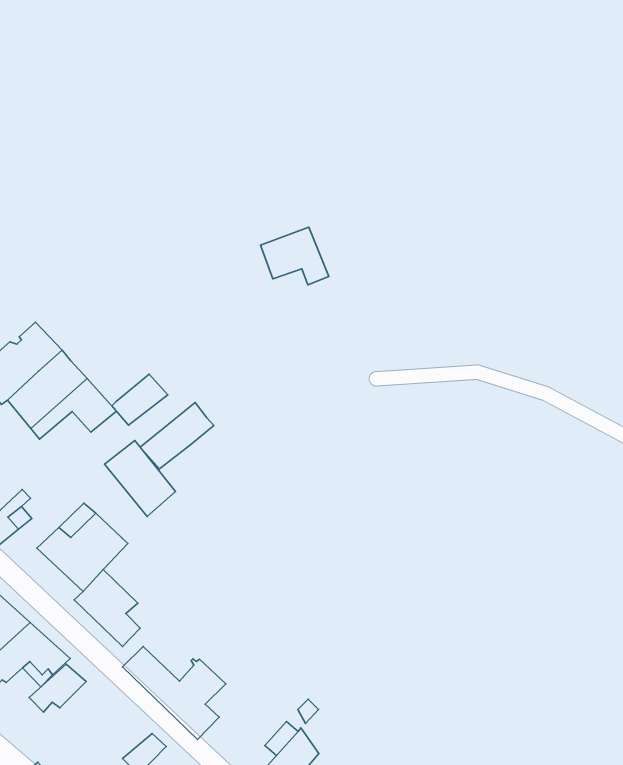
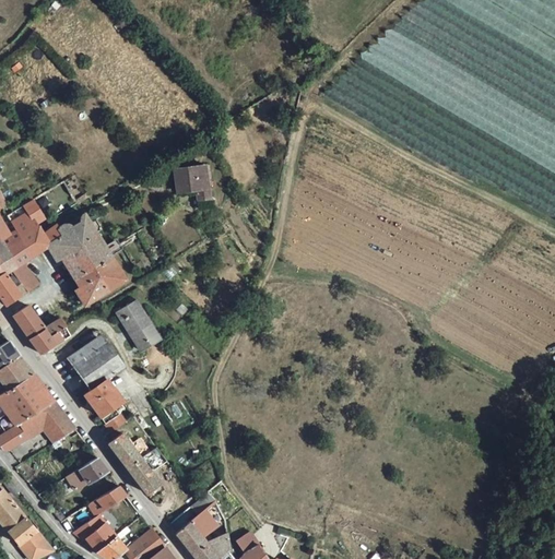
building: [261,227,329,285] -> [175,158,215,195]
building: [112,374,168,425] -> [74,273,111,304]
building: [140,403,214,469] -> none
building: [29,664,86,712] -> [69,460,107,488]

